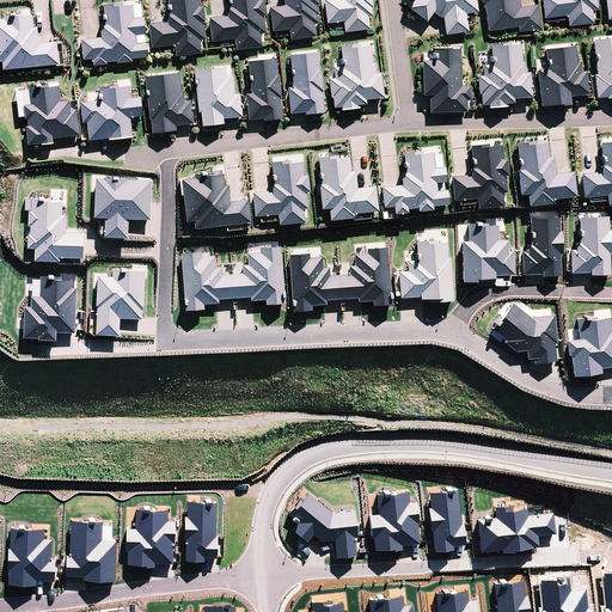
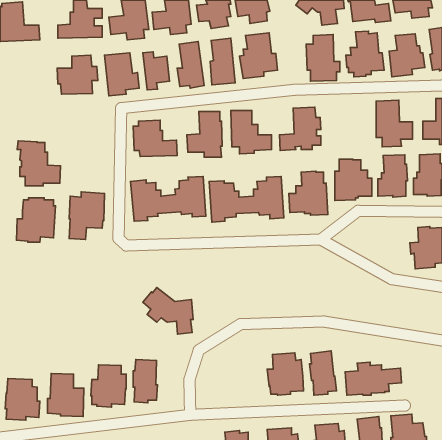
building: [18,76,73,139] -> none
building: [457,141,506,206] -> none
building: [94,176,151,235] -> none
building: [491,301,557,362] -> none
building: [288,491,357,556] -> [143,288,193,334]

